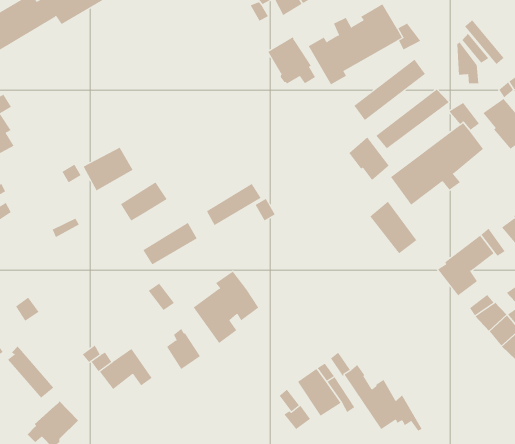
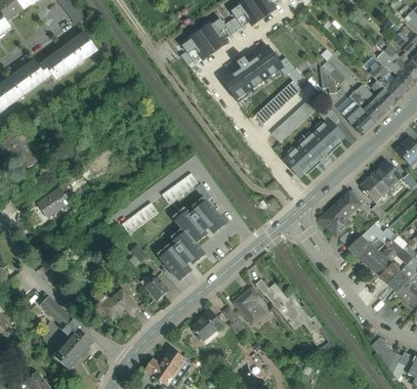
building: [267,36,316,85] -> none
building: [349,137,389,181] -> none
building: [83,147,134,191] -> [36,186,70,217]
building: [120,182,168,221] -> none
building: [369,201,417,254] -> none
building: none -> [175,201,224,243]
building: none -> [192,308,222,340]

